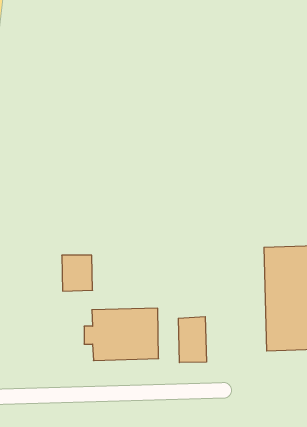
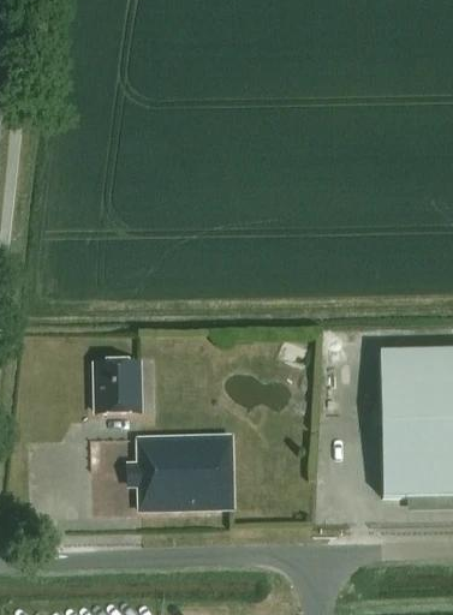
building: [178,317,206,363] -> none

